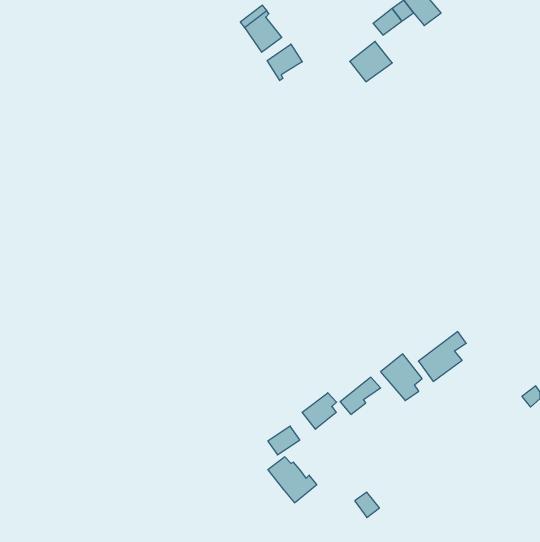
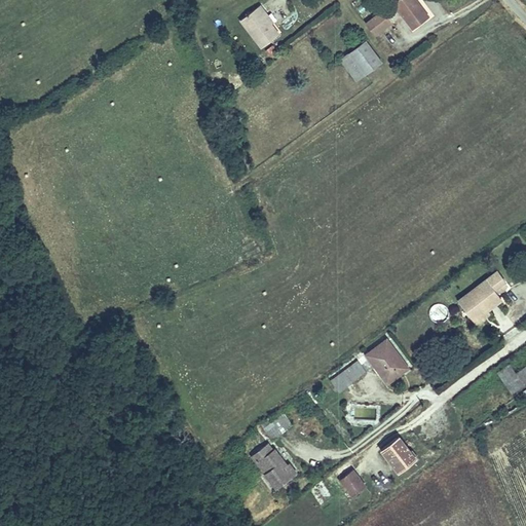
building: [267,44,302,81] -> none
building: [418,332,466,381] -> [461,271,508,320]
building: [302,393,337,429] -> none
building: none -> [383,438,419,474]

